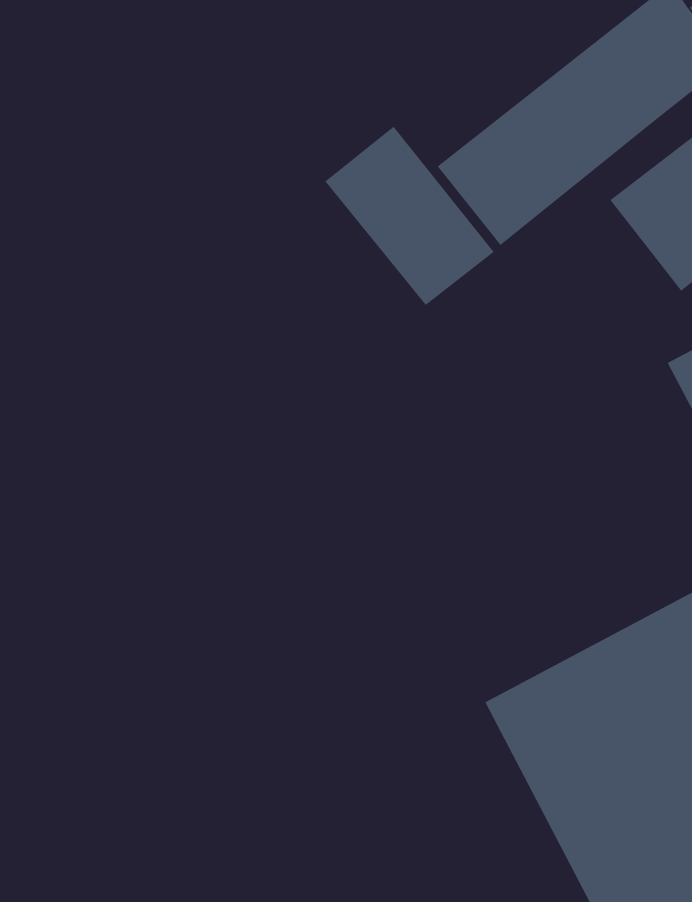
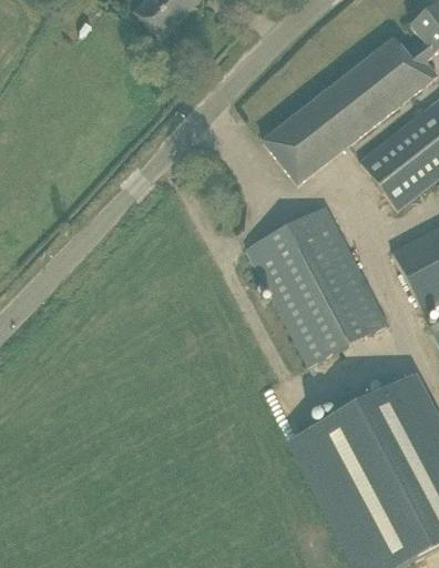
building: [324,126,495,306] -> none
building: none -> [246,204,388,364]

